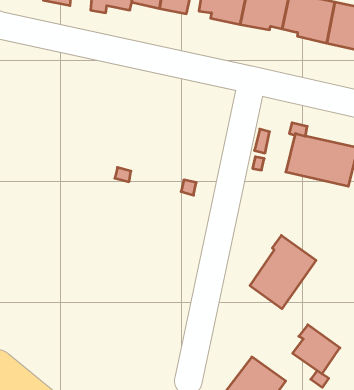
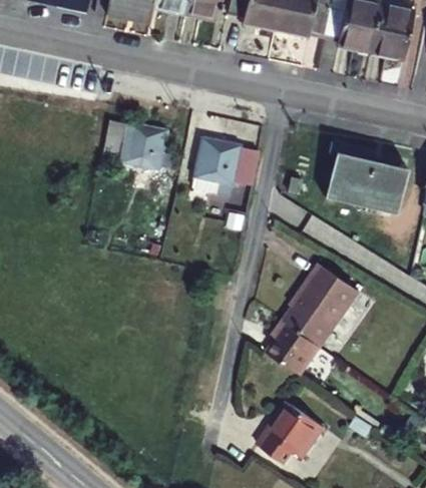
building: none -> [101,119,168,167]
building: none -> [193,138,259,192]
building: [293,325,340,374] -> [267,322,320,377]

